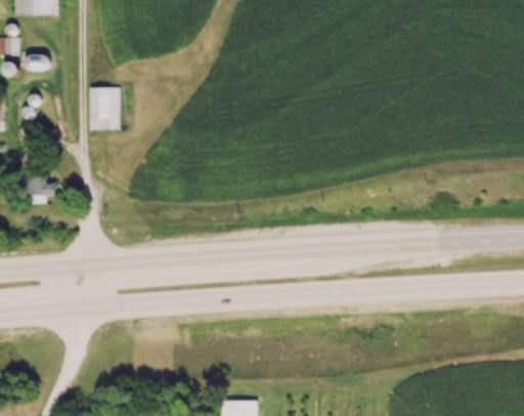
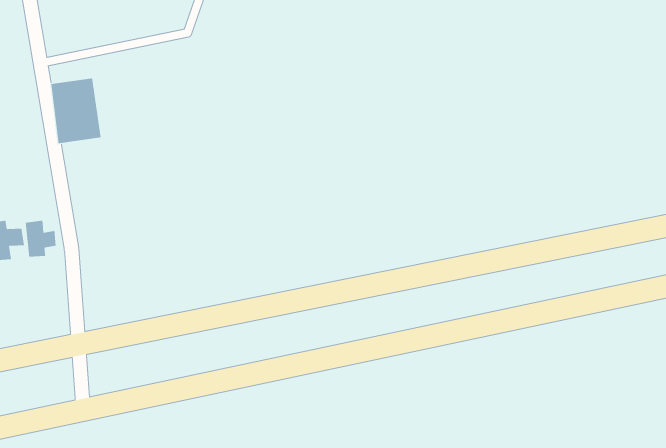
building: none -> [25,220,56,257]

